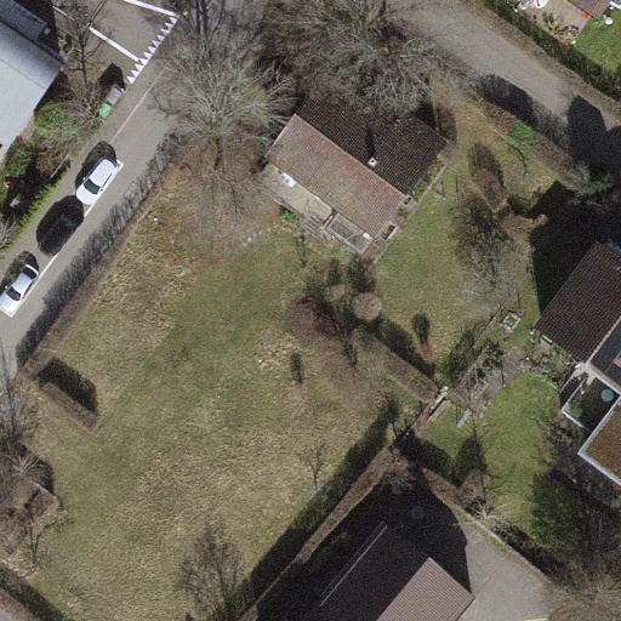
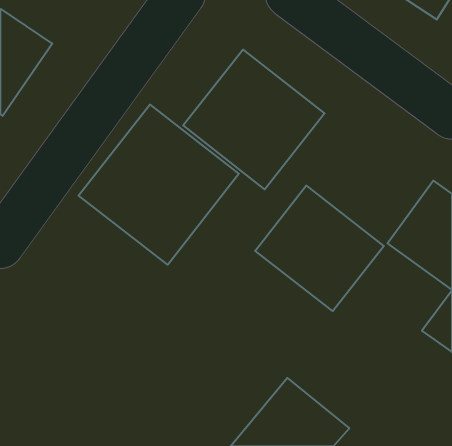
building: none -> [79,105,239,265]
building: none -> [255,186,384,311]

